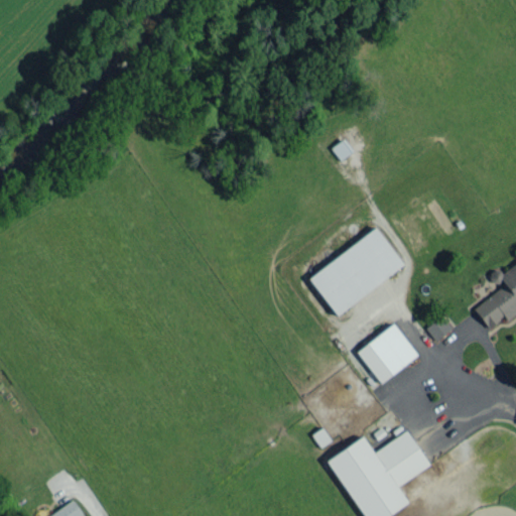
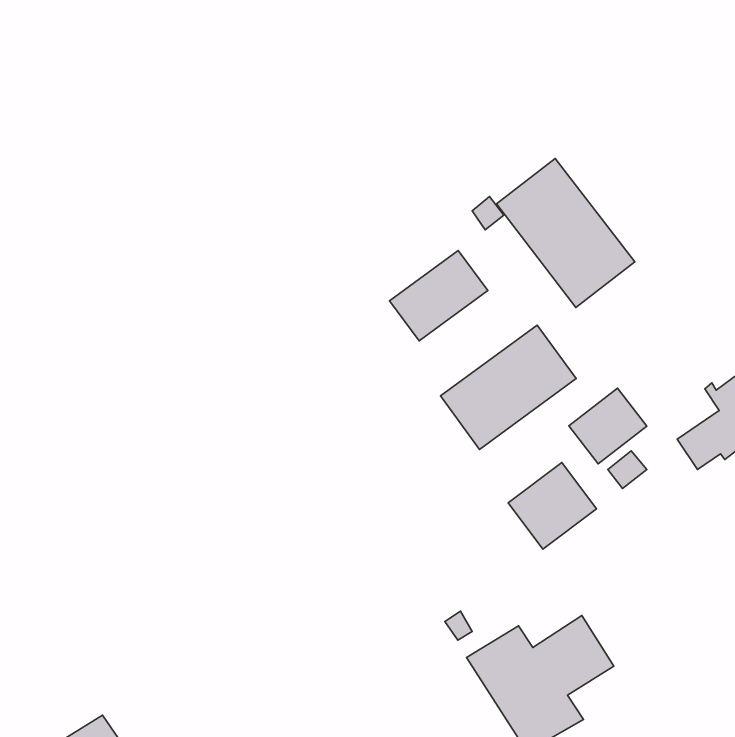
building: none -> [496,158,635,307]
building: none -> [390,251,488,341]
building: none -> [569,388,647,464]

